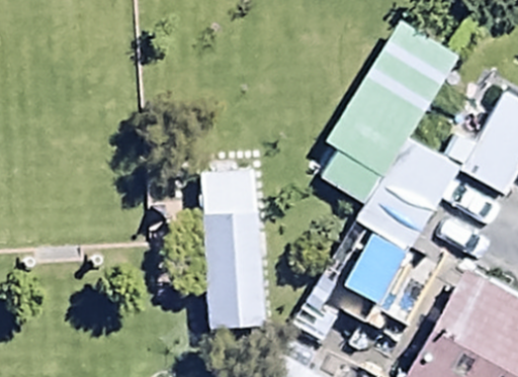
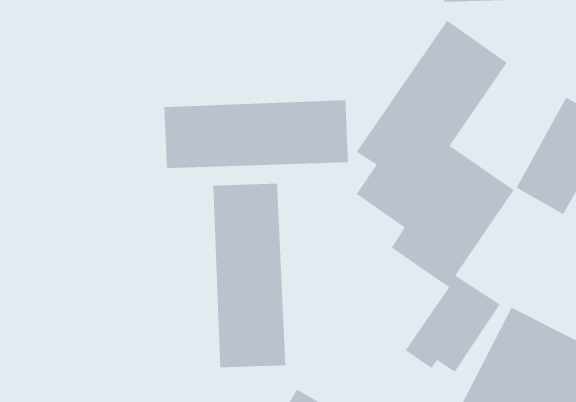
building: none -> [164,99,349,169]

